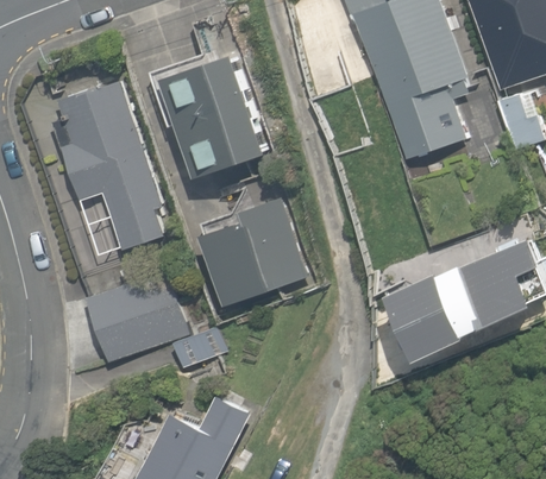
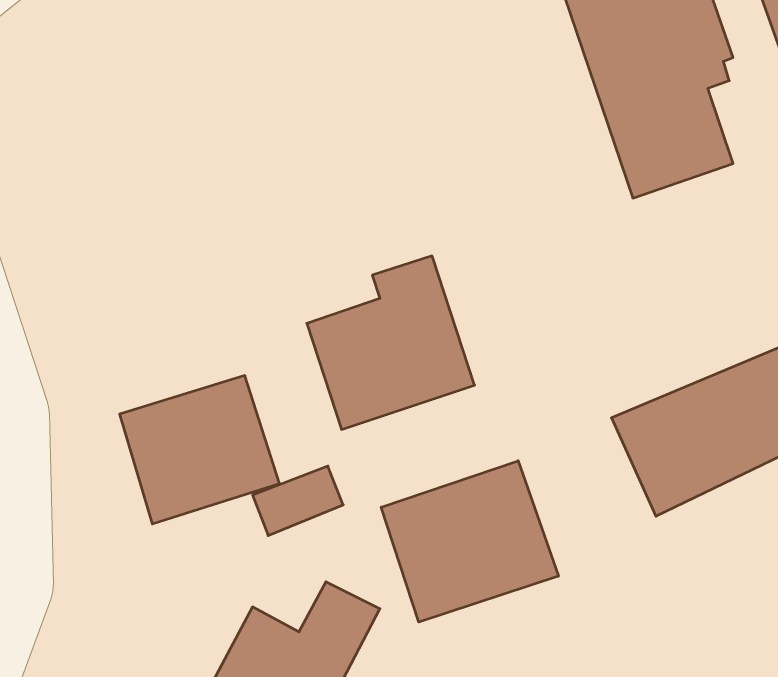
building: [162,55,266,177] -> none
building: [52,82,165,251] -> none
building: none -> [381,461,558,622]

